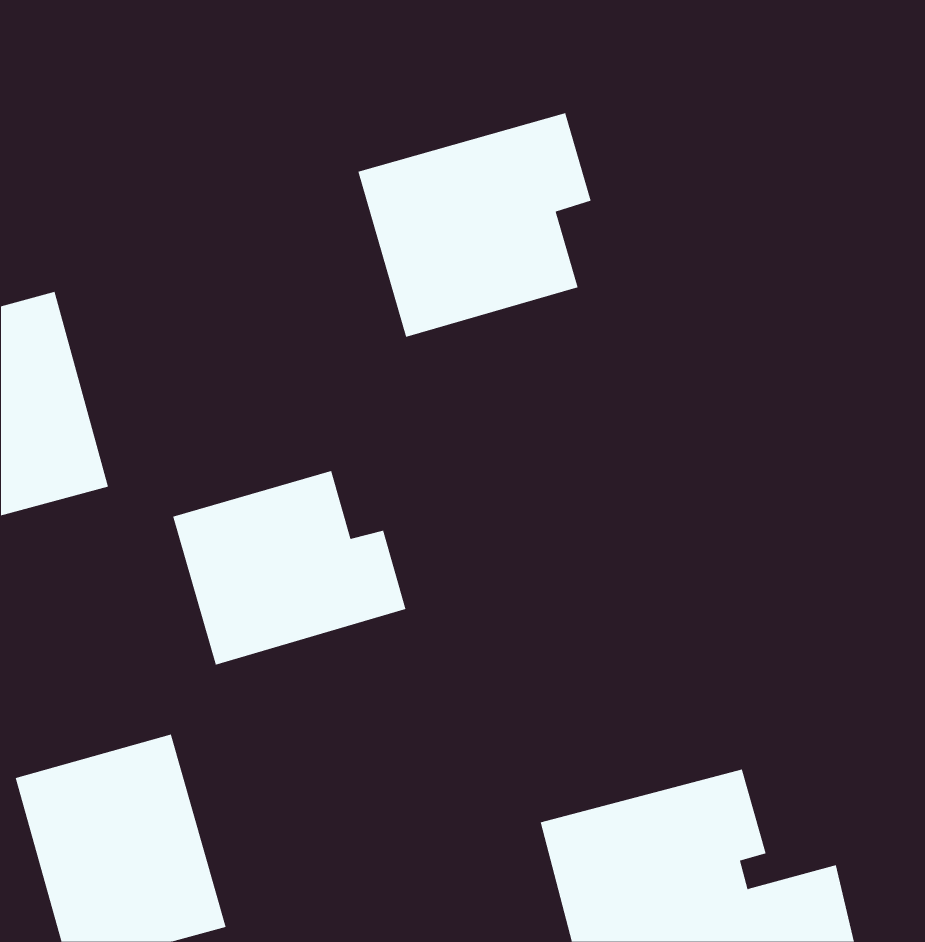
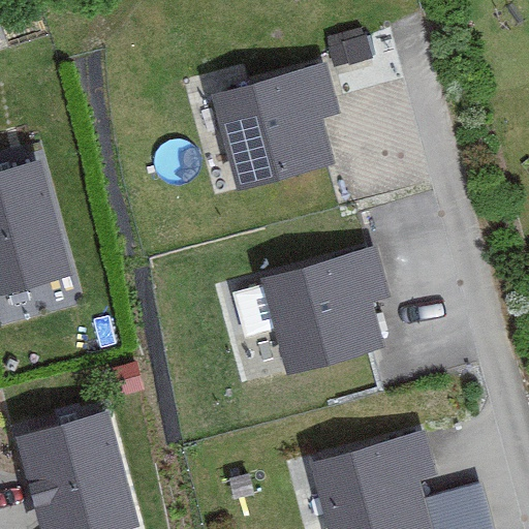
building: none -> [259,247,391,373]
building: [173,470,406,665] -> none

